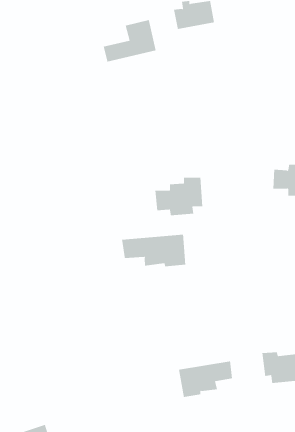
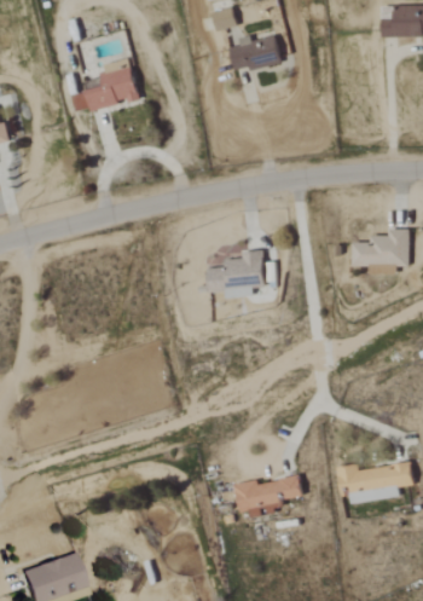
building: [103,20,156,62] -> [75,60,140,112]
building: [122,234,186,267] -> none

